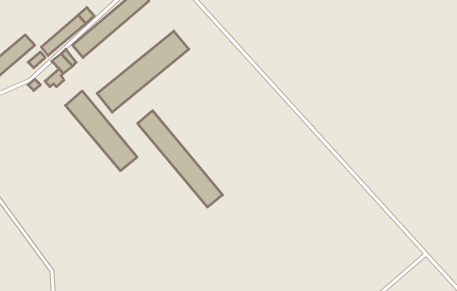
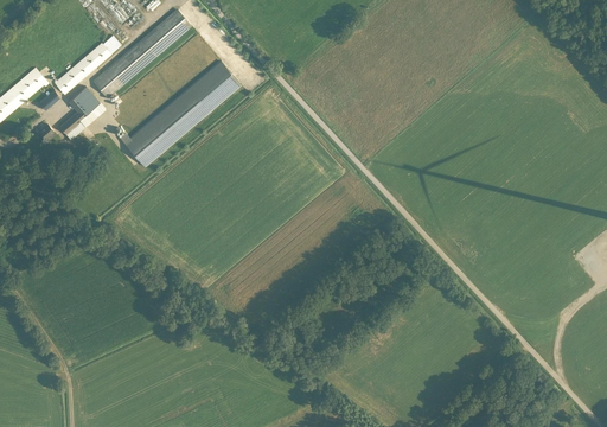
building: [65,91,137,171] -> none
building: [138,111,223,207] -> none

